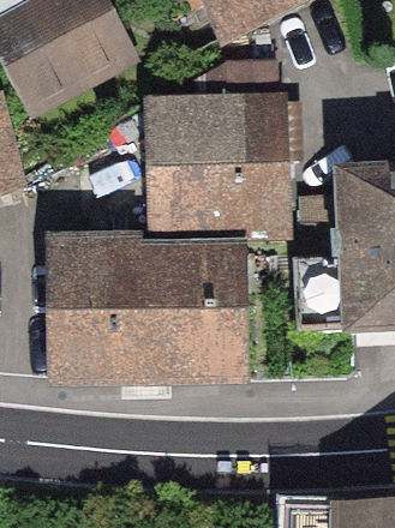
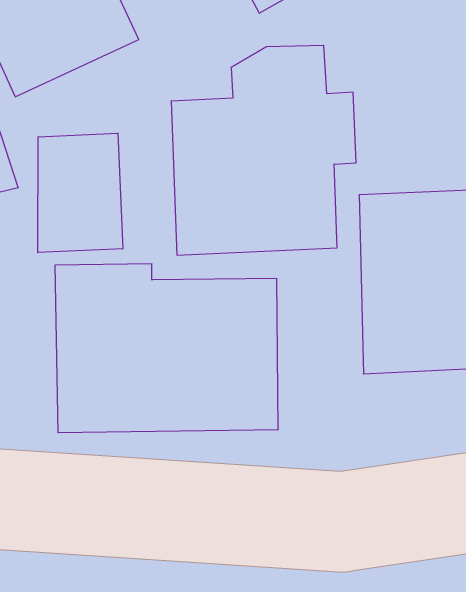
building: none -> [38,133,123,253]

